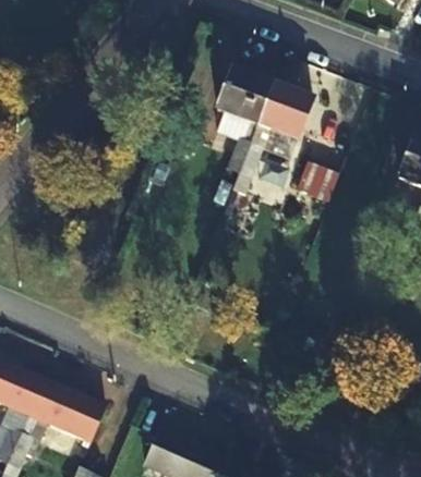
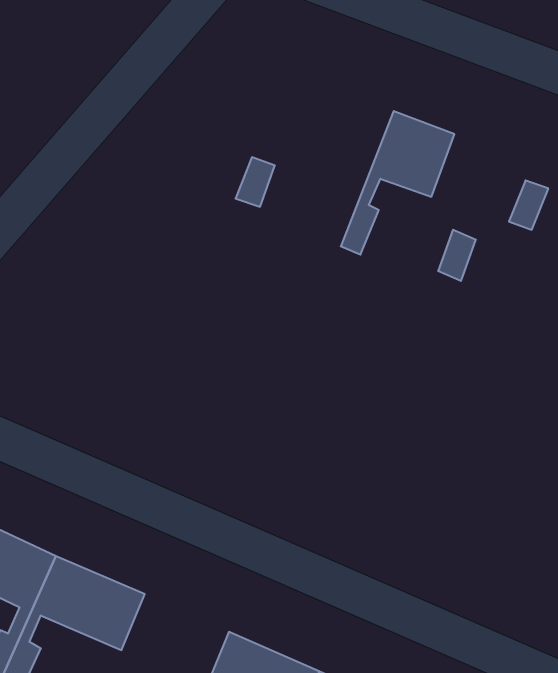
building: [209,71,270,215] -> none

